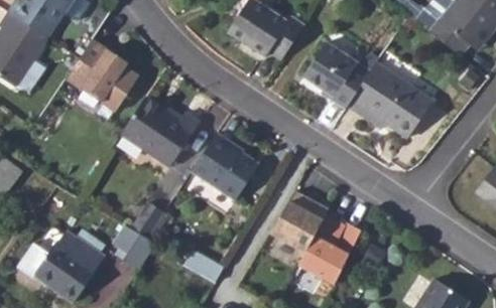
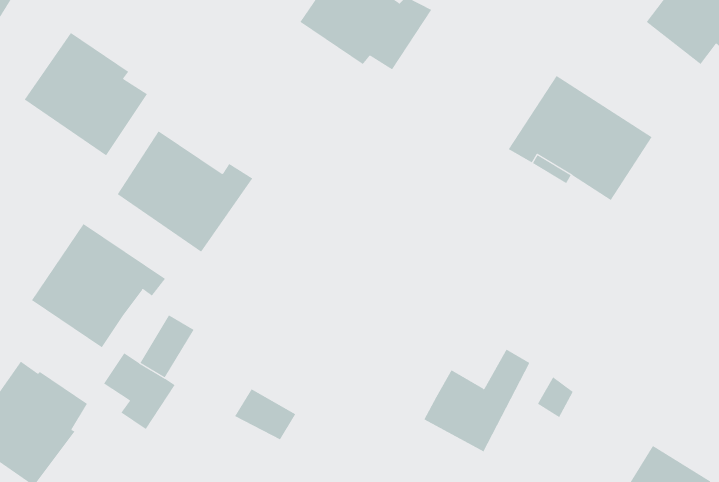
building: [303,43,379,111] -> none
building: [192,132,258,197] -> none
building: none -> [31,223,166,348]
building: [269,190,329,252] -> none

